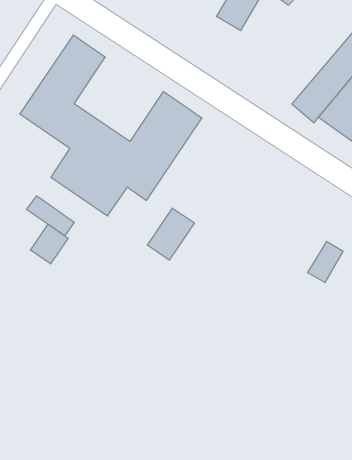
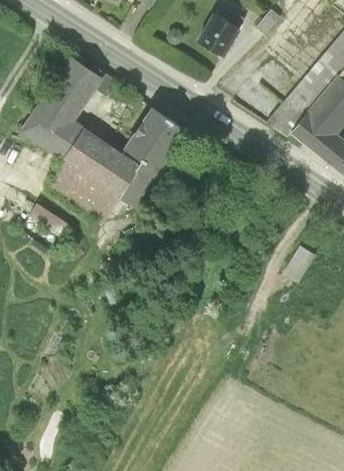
building: [147,208,194,260] -> none
building: [30,224,68,264] -> none

